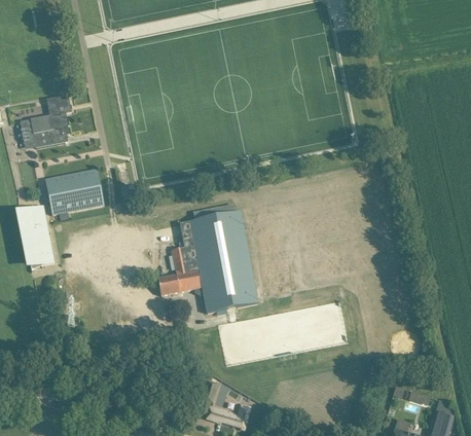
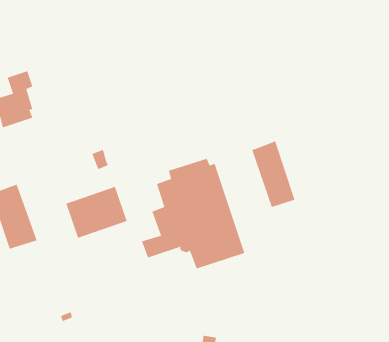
building: [45,169,104,215] -> [65,186,127,238]
building: none -> [251,141,295,208]

